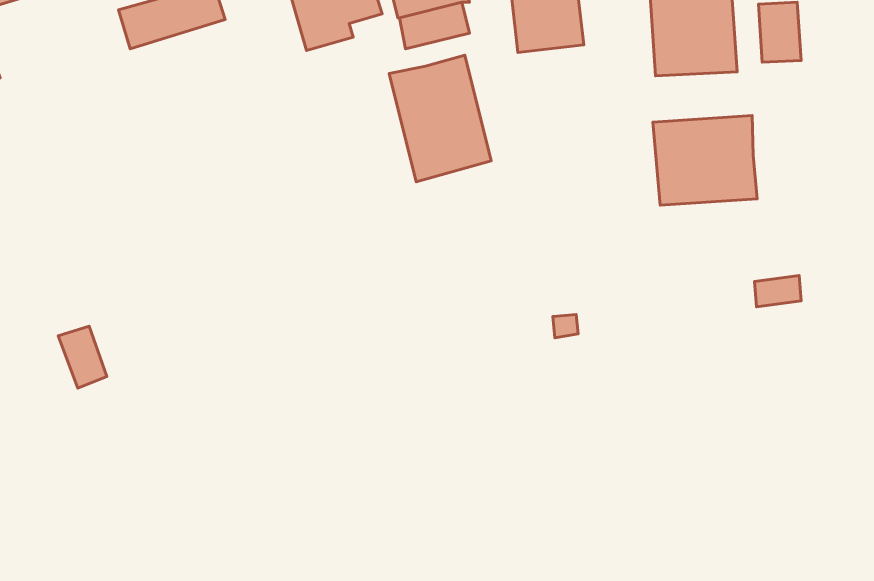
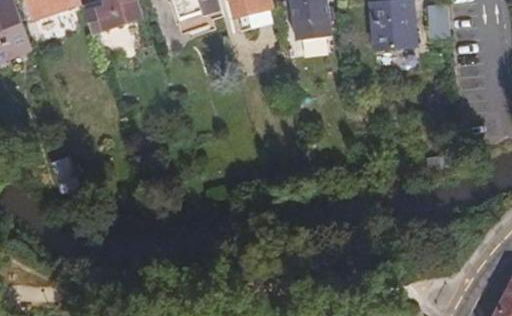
building: [389,55,491,182] -> none
building: [653,115,757,205] -> none

